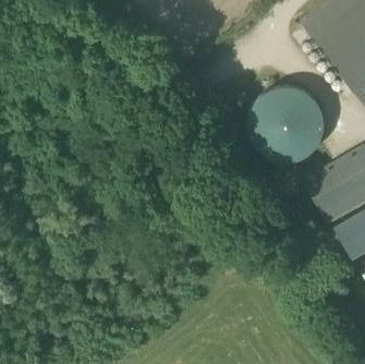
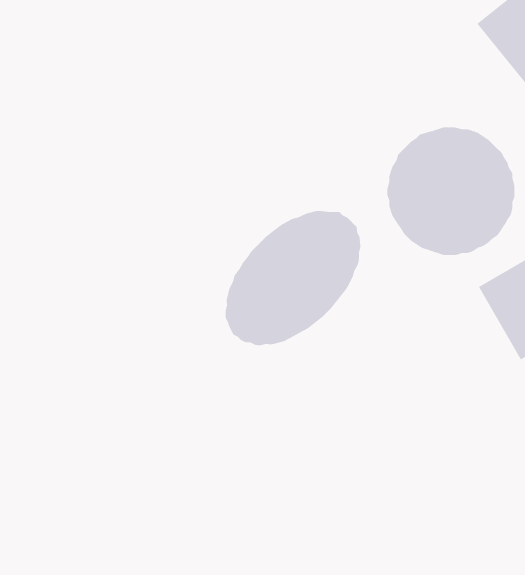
building: none -> [225,210,361,346]

